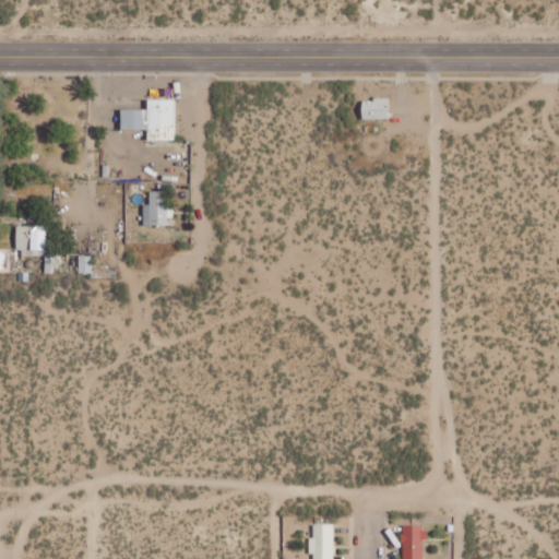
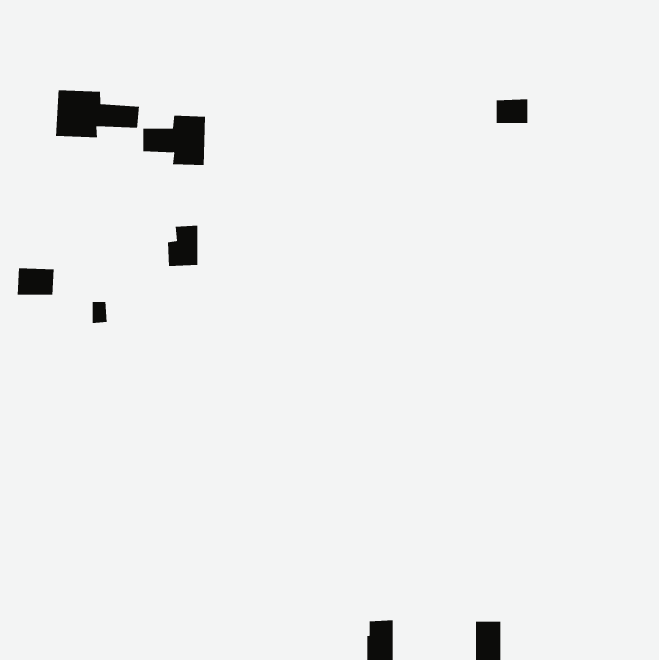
building: none -> [56,89,139,138]
building: [360,98,388,119] -> [496,99,528,123]

